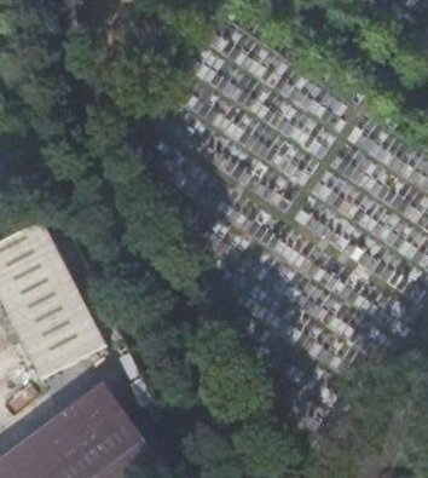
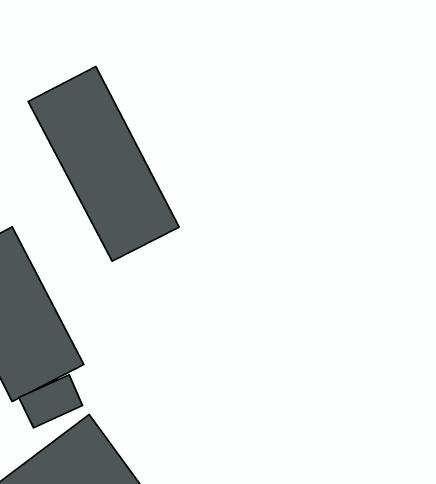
building: none -> [28,67,179,261]

